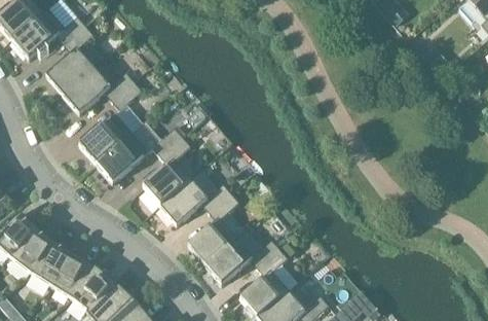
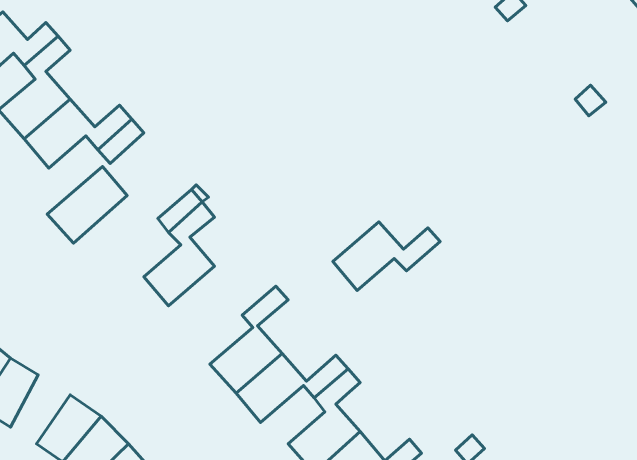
building: [96,132,149,183] -> none
building: [159,179,231,225] -> [333,222,440,291]
building: [53,252,93,298] -> none

